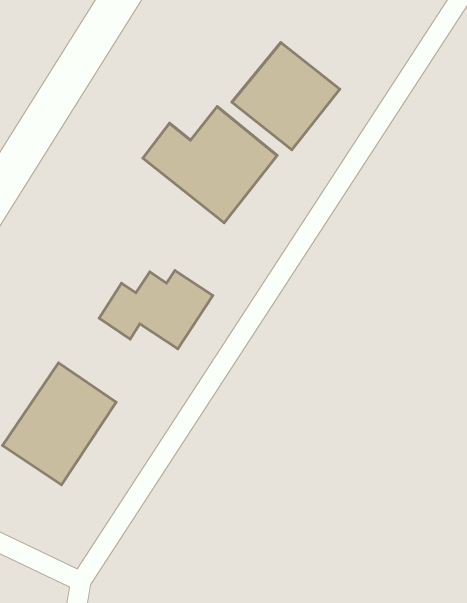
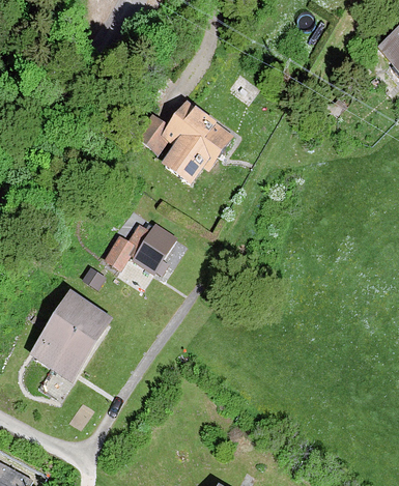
building: [232,43,340,150] -> none

